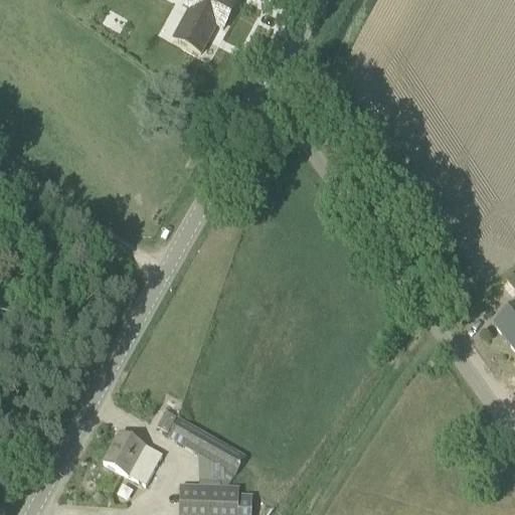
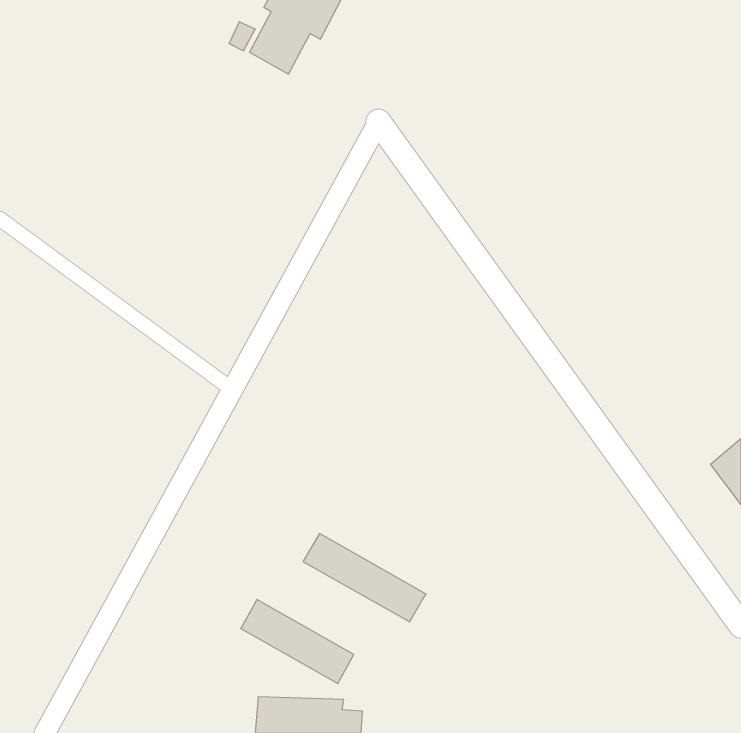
building: none -> [303,533,426,622]
building: [103,430,162,484] -> none

